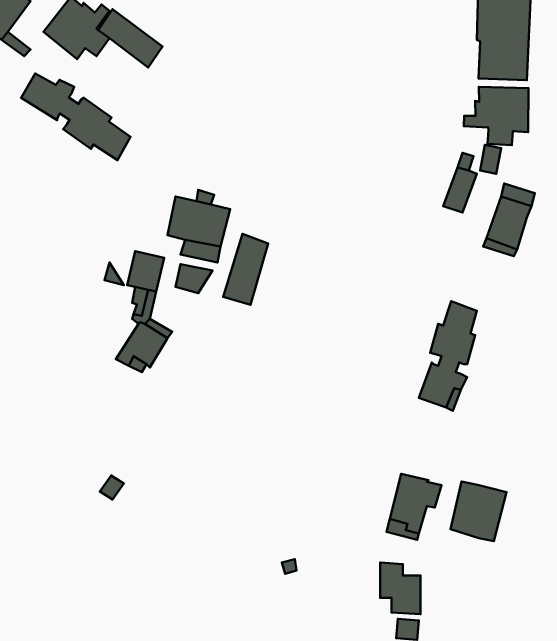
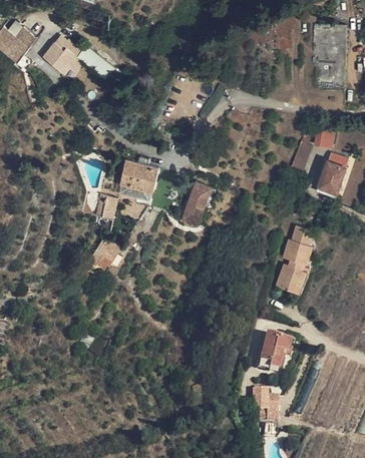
building: [21,73,131,160] -> none
building: [464,87,529,145] -> none
building: [223,234,268,305] -> [186,172,214,216]
building: [450,481,507,541] -> none

